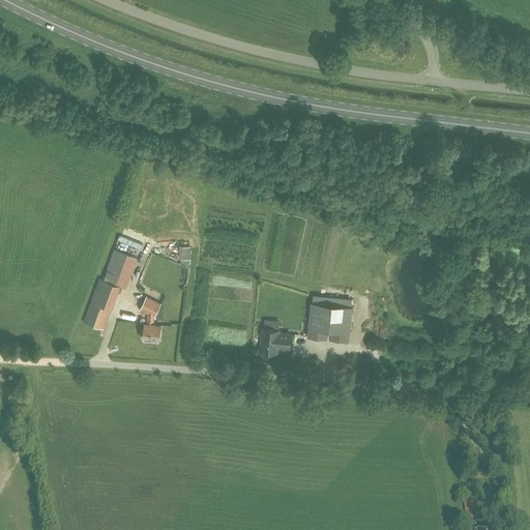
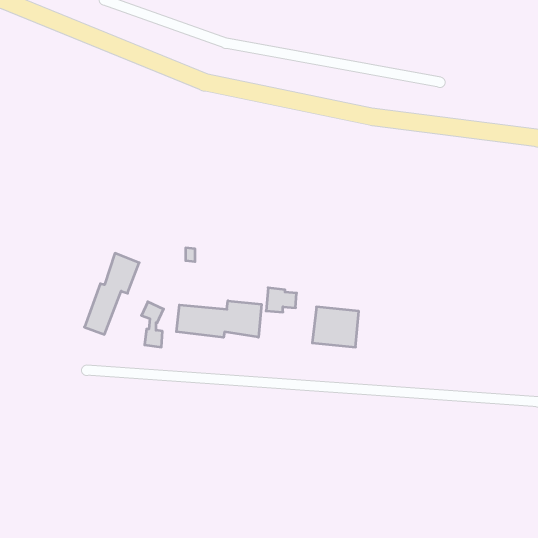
building: none -> [176,301,261,337]
building: [260,329,290,353] -> [266,288,297,312]

